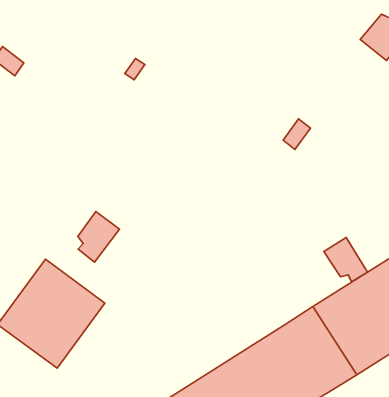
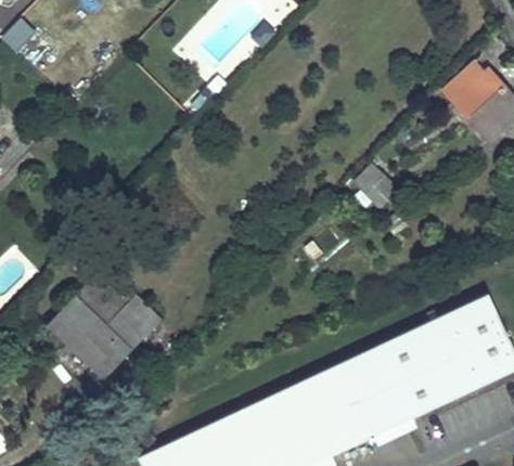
building: [78,211,119,262] -> none
building: [324,238,368,282] -> none

